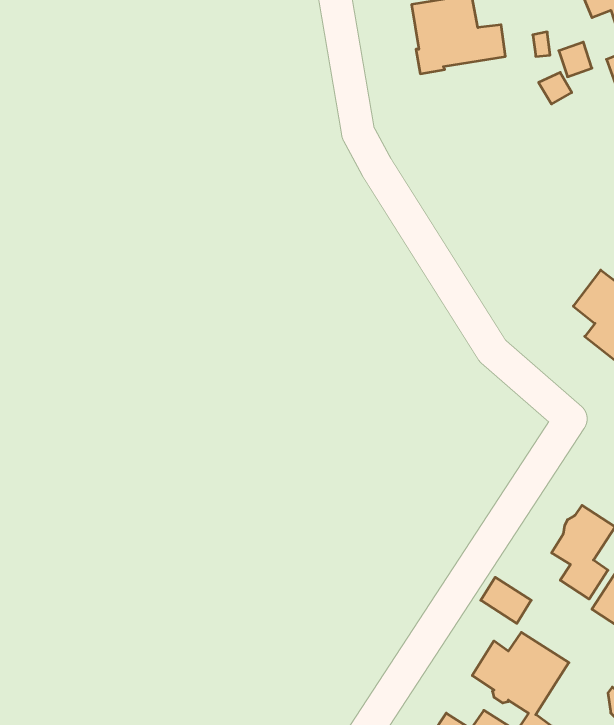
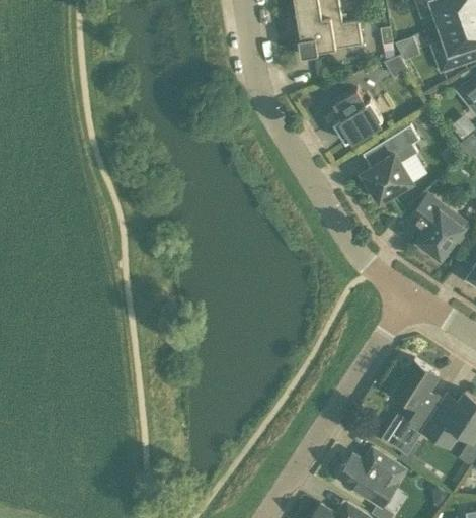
building: none -> [333,90,383,143]
building: none -> [363,125,426,202]
building: [481,577,531,623] -> [382,423,417,455]

